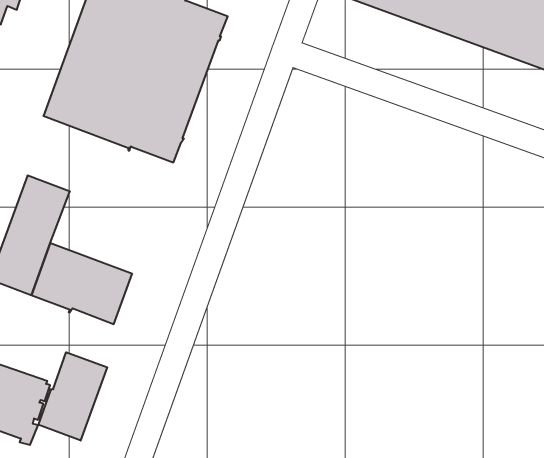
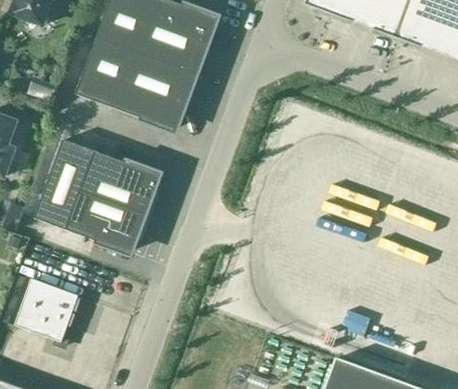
building: none -> [82,151,158,213]
building: [39,352,107,441] -> none

